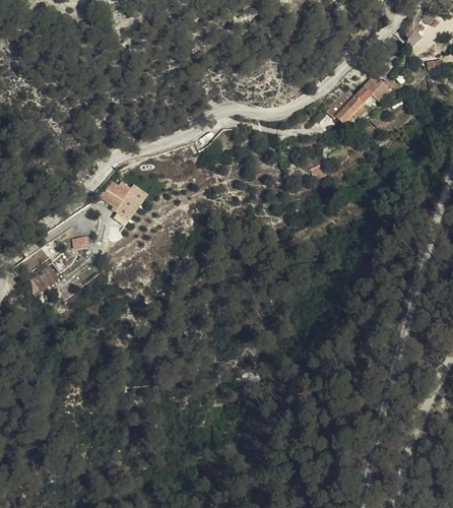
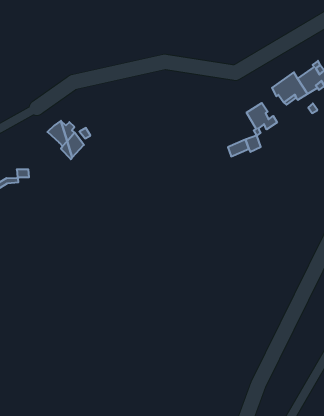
building: none -> [247,103,277,136]

